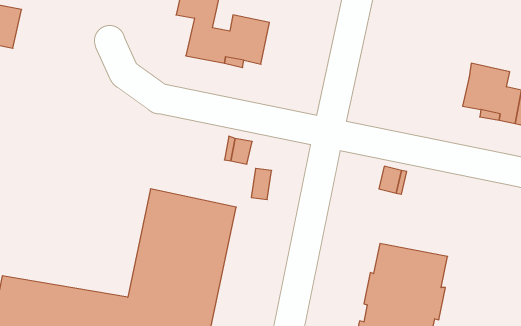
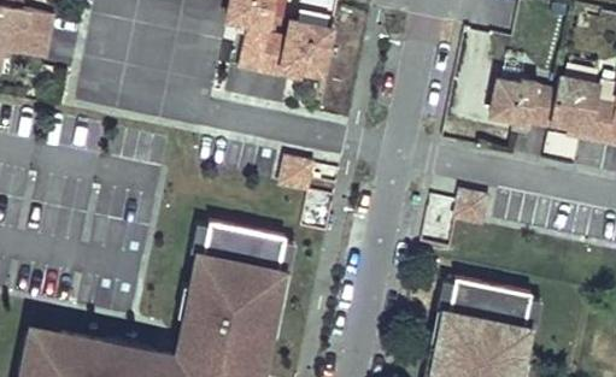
building: none -> [489,79,556,128]

